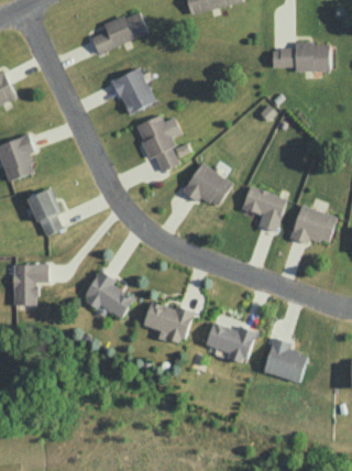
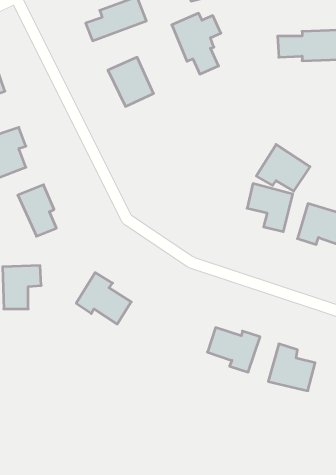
building: [134,114,180,172] -> [172,13,221,74]
building: [182,163,232,207] -> [256,144,310,191]
building: [142,302,191,346] -> none

